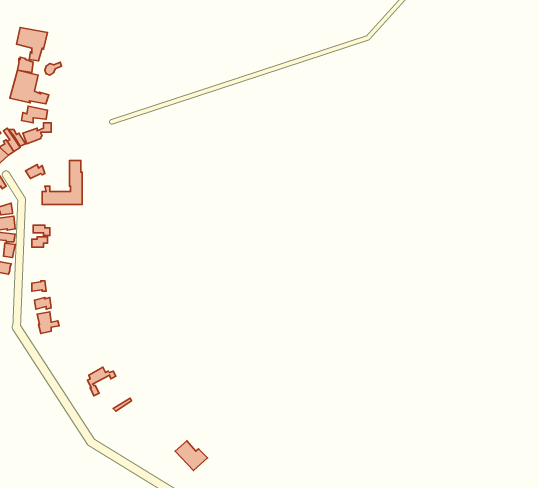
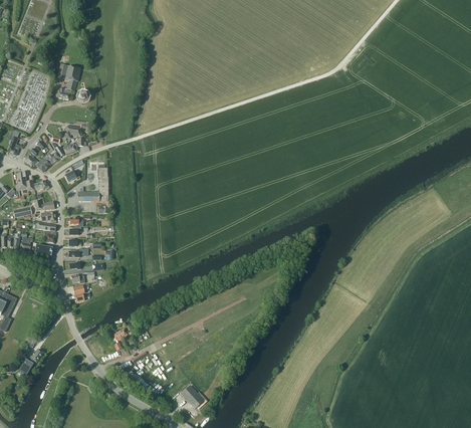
building: [10,70,49,104] -> none

